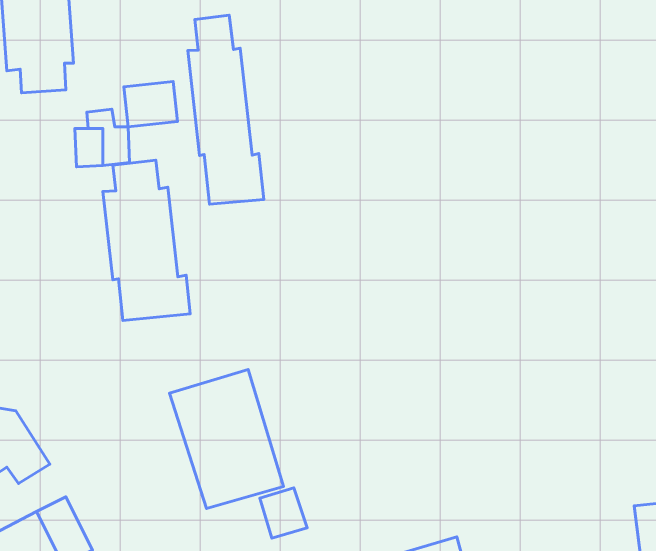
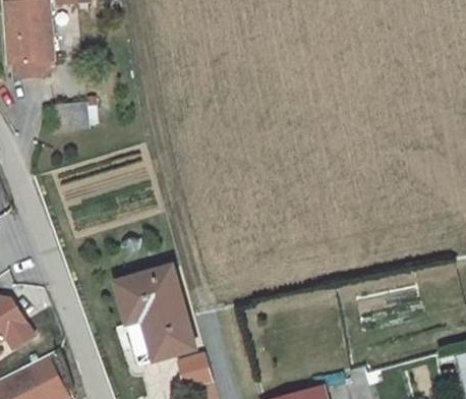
building: [188,15,264,204] -> none
building: [124,81,178,127] -> none
building: [103,160,190,320] -> none

